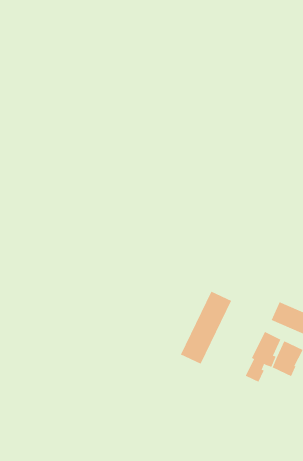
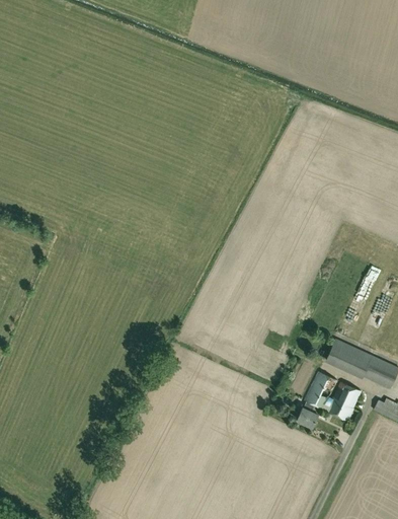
building: [180,291,232,364] -> none

